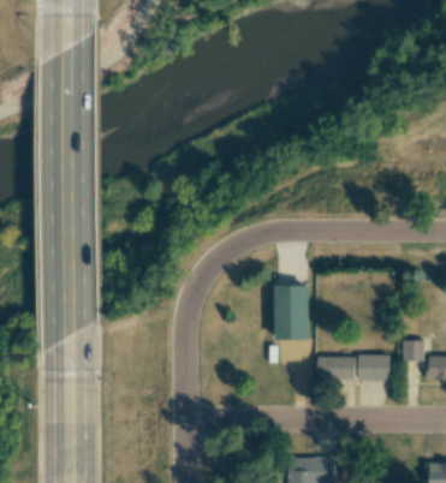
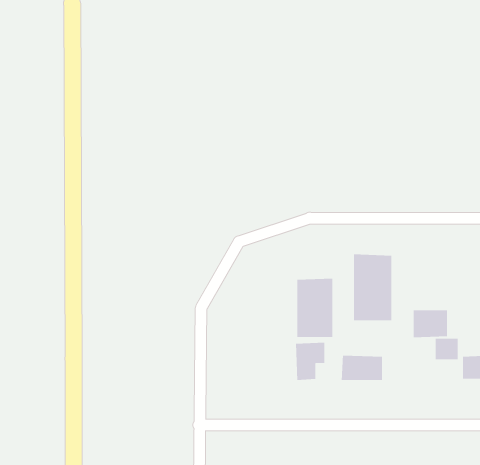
building: none -> [353,254,392,321]
building: [357,354,389,381] -> [413,310,448,338]

